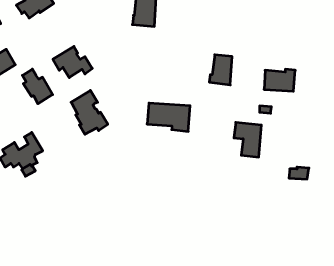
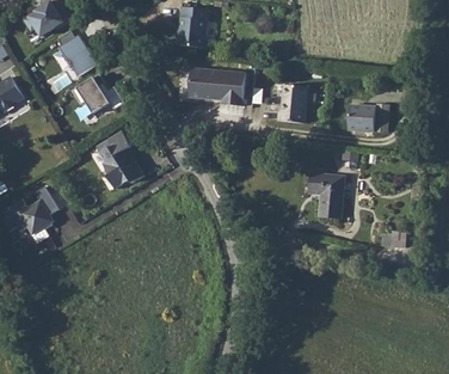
building: [22,69,53,104] -> [59,30,98,75]
building: [147,103,190,131] -> [190,68,246,105]

